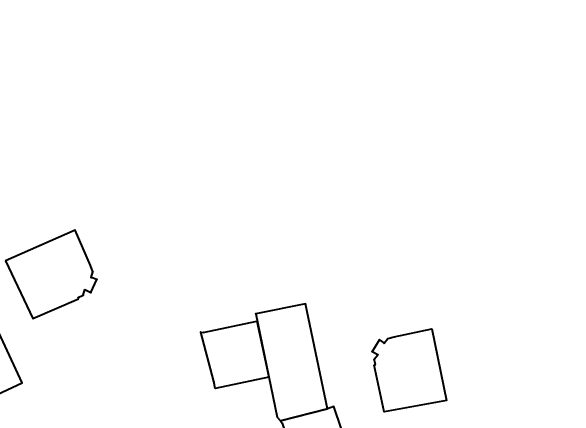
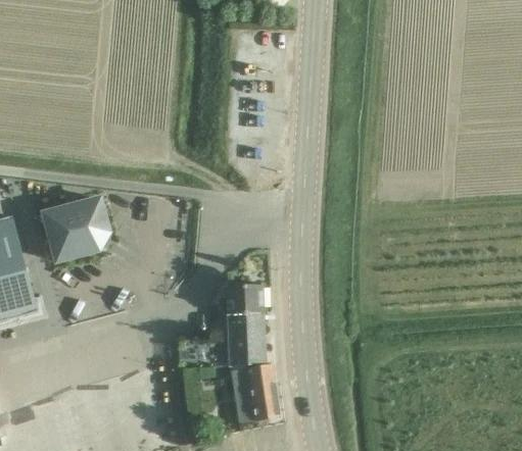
building: [201,321,269,388] -> none
building: [372,329,447,412] -> none

